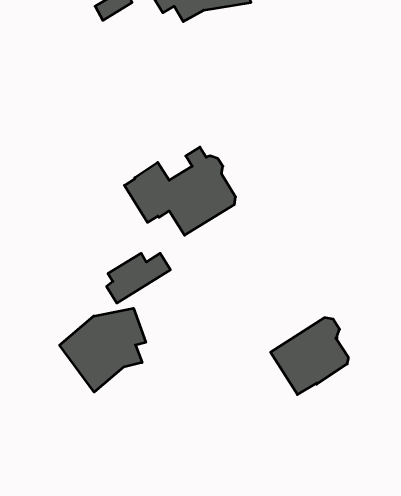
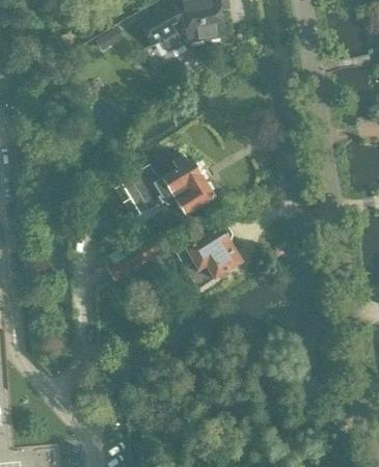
building: [60,308,146,392] -> none
building: [271,318,348,395] -> [179,227,242,290]

